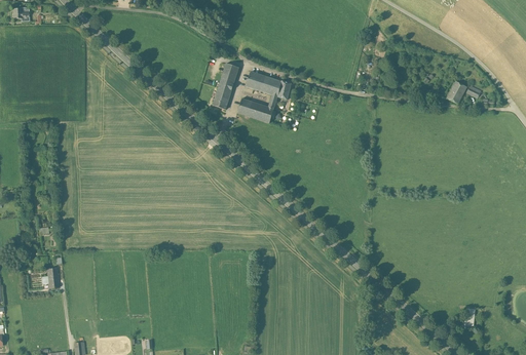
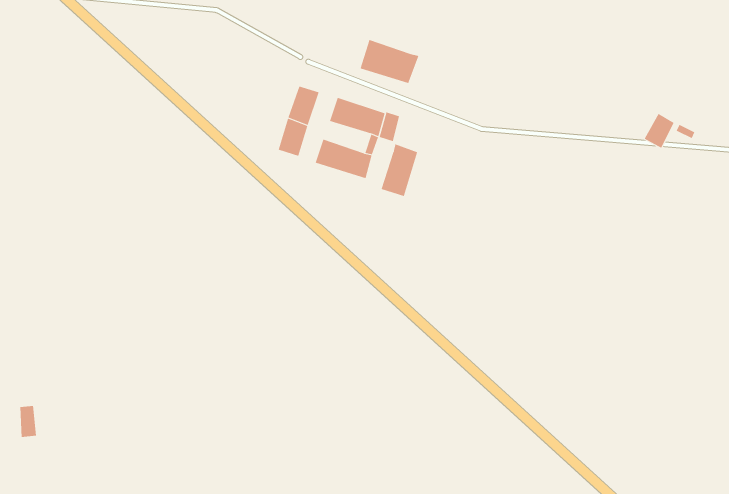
building: none -> [360,39,419,84]
building: none -> [381,143,418,197]

